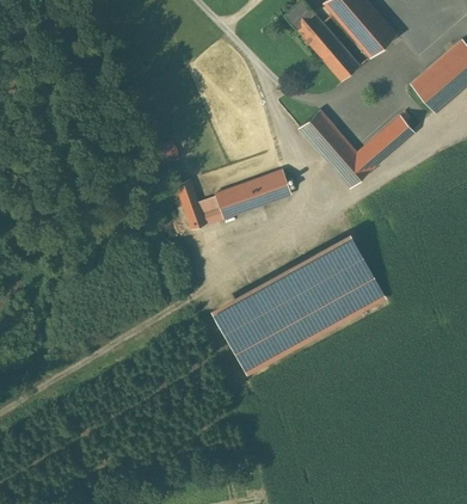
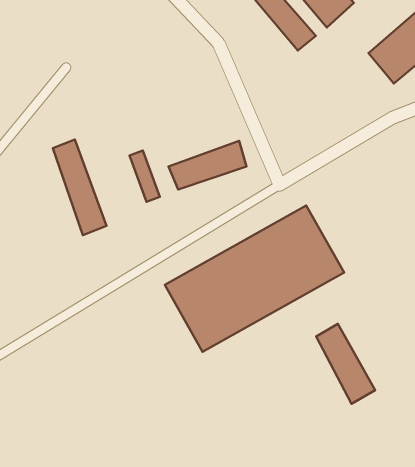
building: [300,111,413,186] -> none
building: none -> [53,139,107,235]
building: none -> [316,324,375,404]

